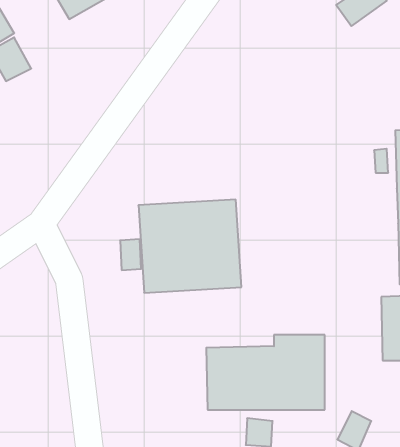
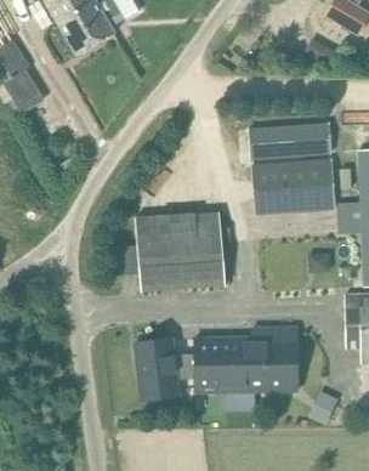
building: none -> [248,124,330,159]
building: none -> [251,160,335,214]
building: none -> [135,339,178,401]

